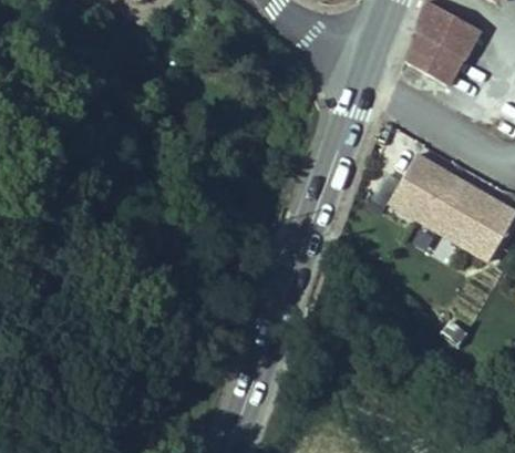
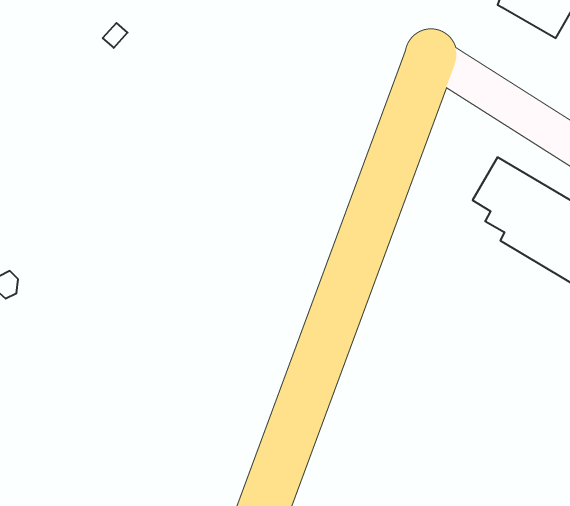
building: [408,34,464,85] -> none

